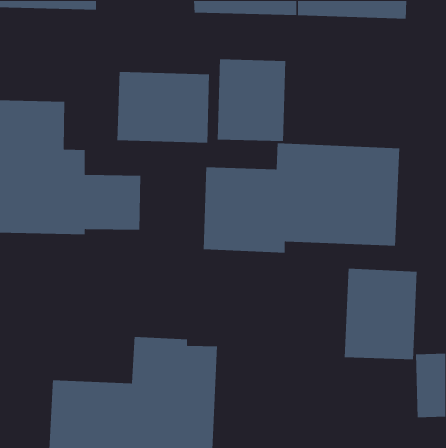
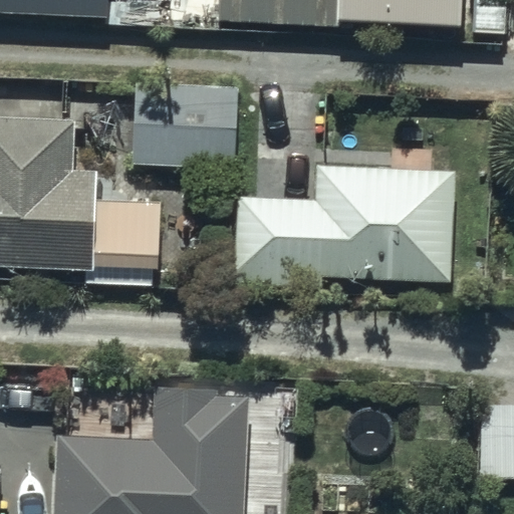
building: [217,58,286,142] -> none
building: [344,268,418,360] -> none

